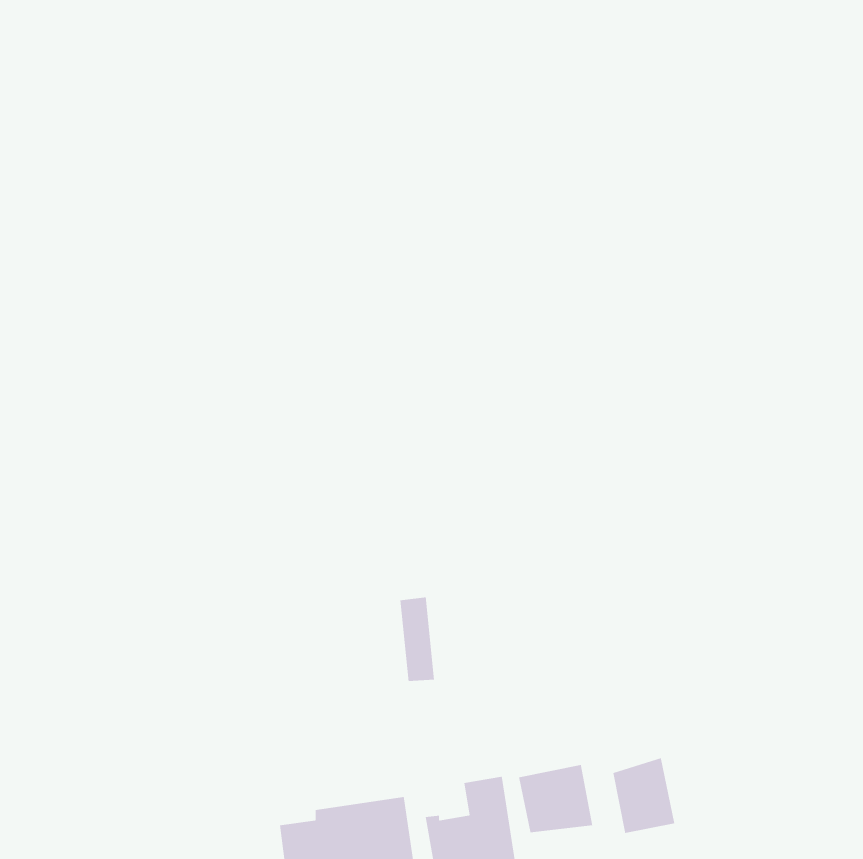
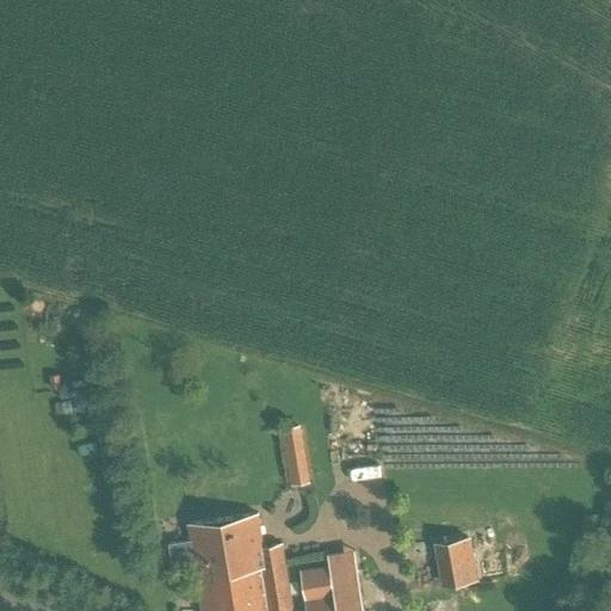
building: none -> [169,514,285,586]
building: [518,764,593,833] -> none

